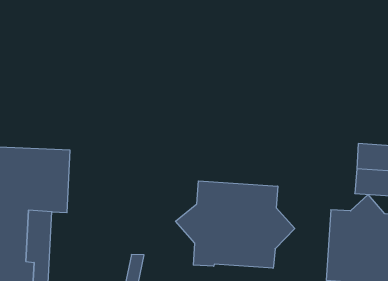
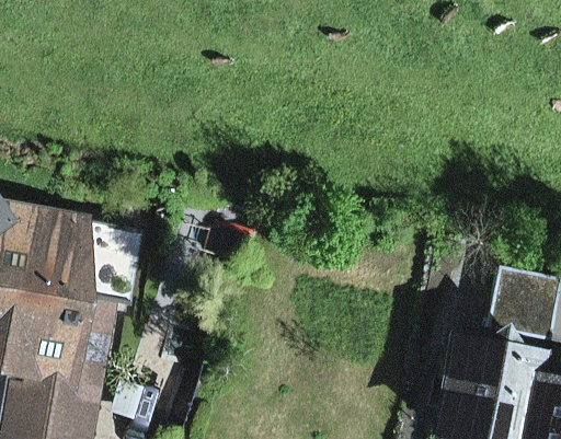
building: [176,181,295,268] -> none

